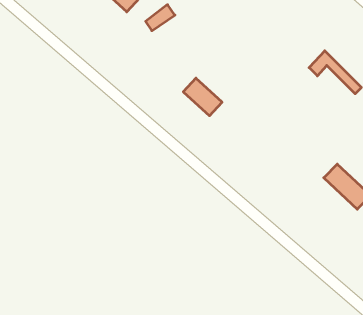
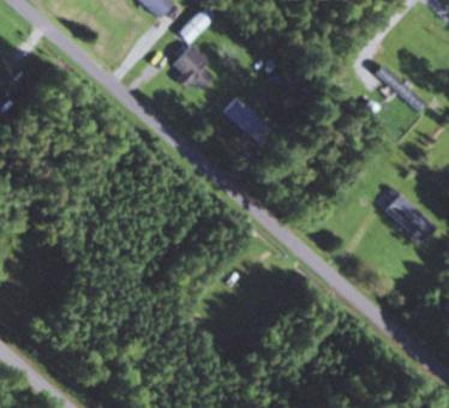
building: none -> [173,46,218,91]

